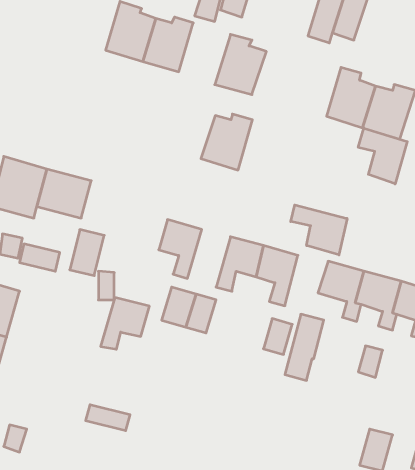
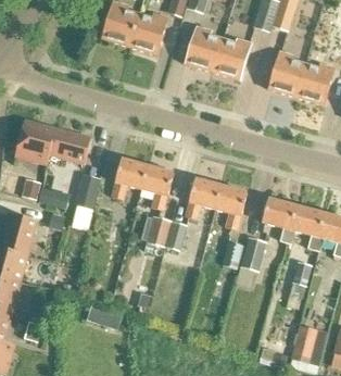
building: [201,114,252,170] -> [213,38,252,80]
building: [358,128,407,184] -> none
building: [291,205,347,255] -> none
building: [101,298,149,349] -> [112,160,149,199]

